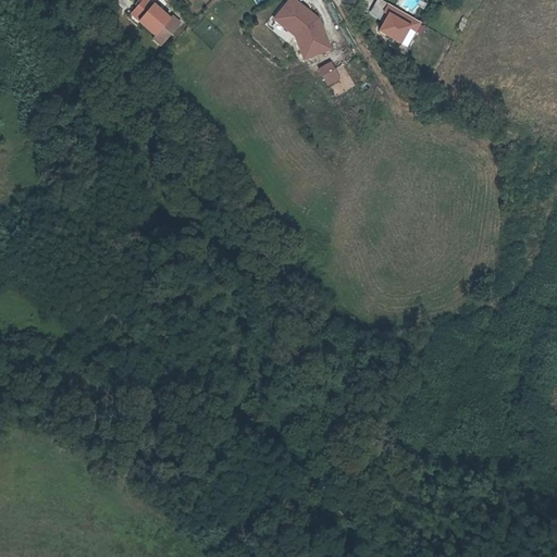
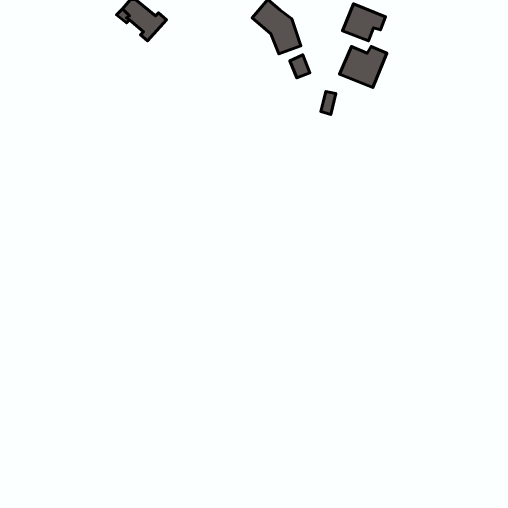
building: none -> [340,46,387,88]

